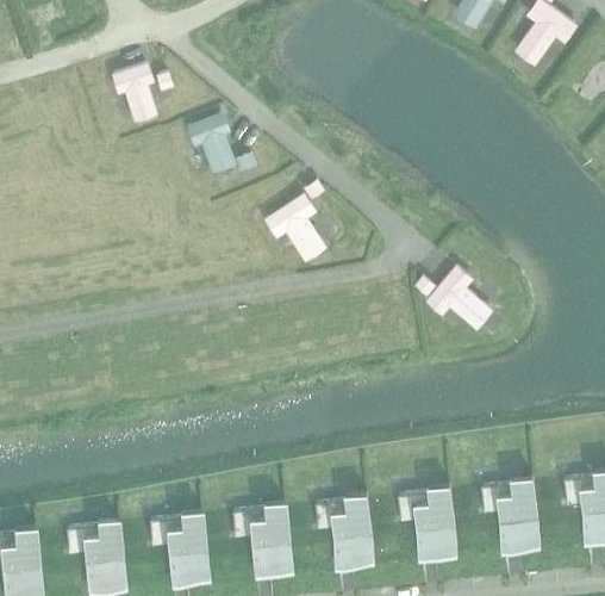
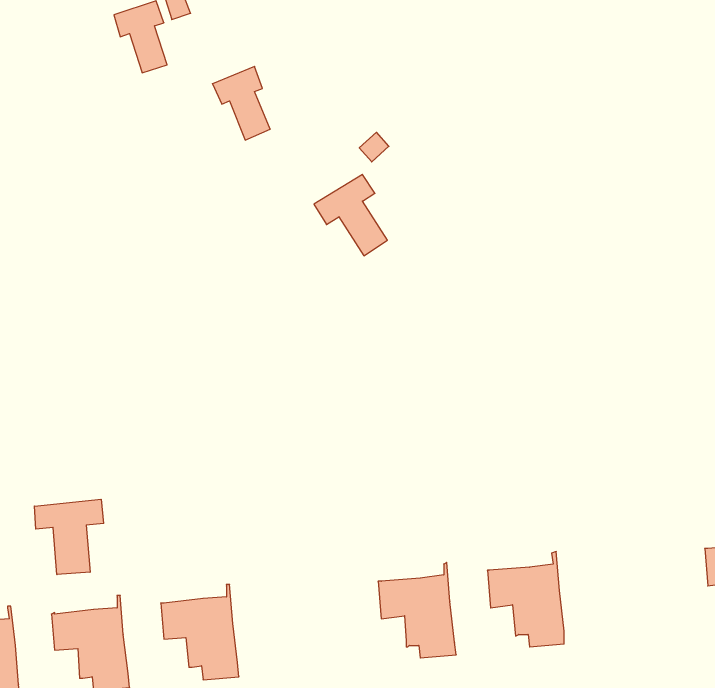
building: [429,267,489,325] -> none
building: none -> [34,499,104,575]
building: [480,476,539,547] -> none
building: [231,499,291,572] -> none

